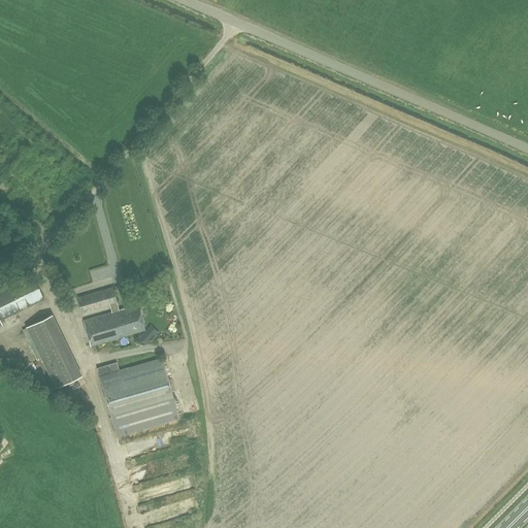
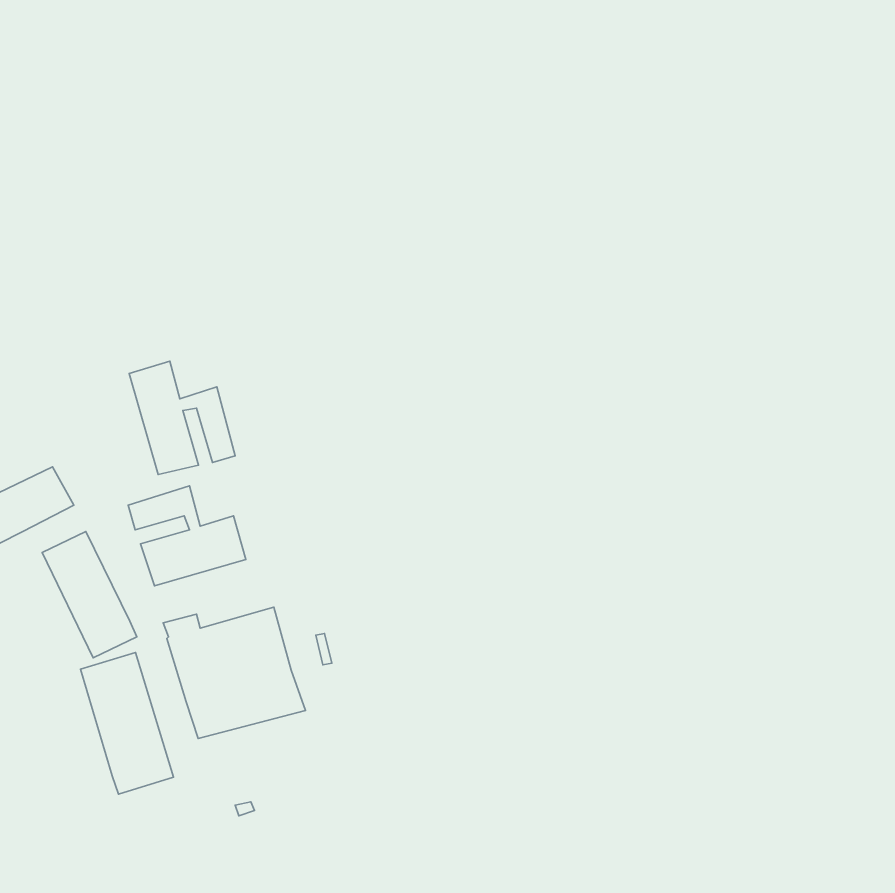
building: none -> [129,361,235,475]
building: none -> [80,652,174,794]

